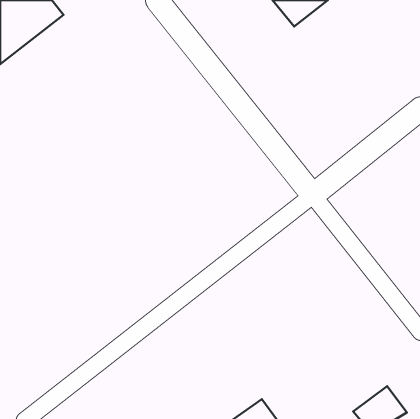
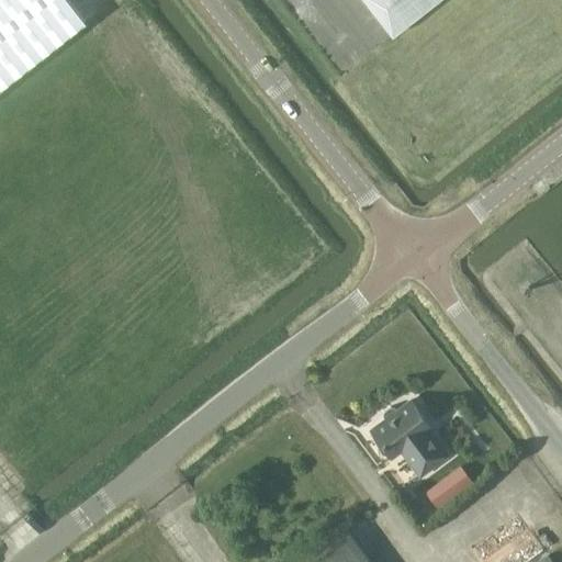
building: none -> [372,402,447,475]
building: none -> [426,467,473,509]

